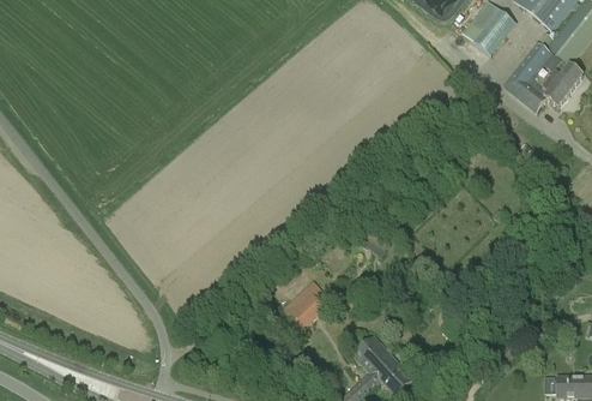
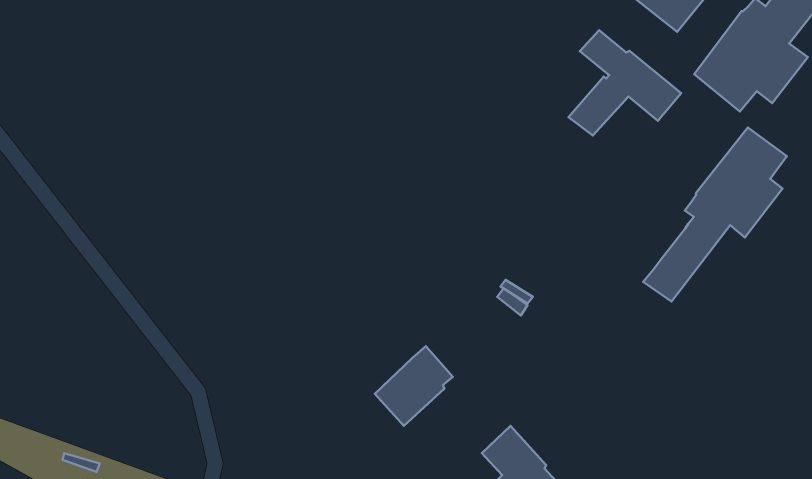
building: none -> [568,30,681,135]
building: none -> [643,128,787,302]

